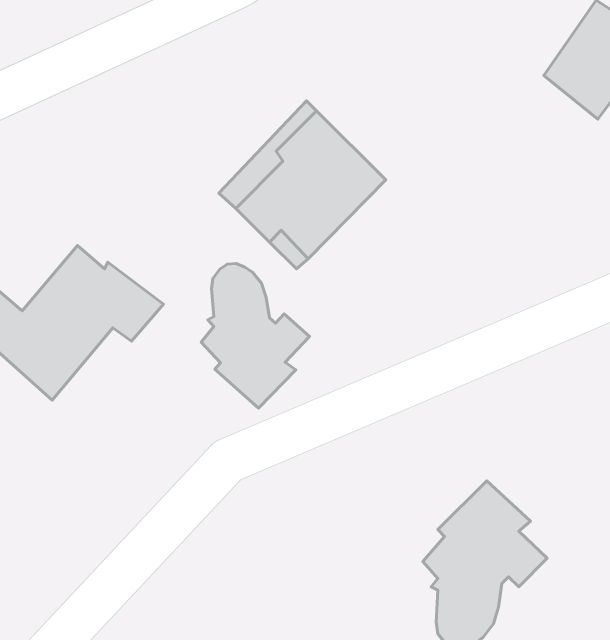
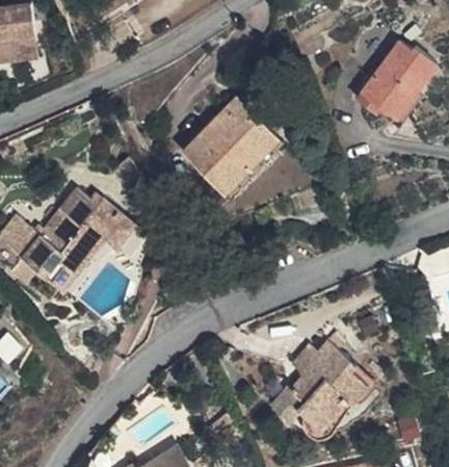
building: [201,263,310,408] -> none

